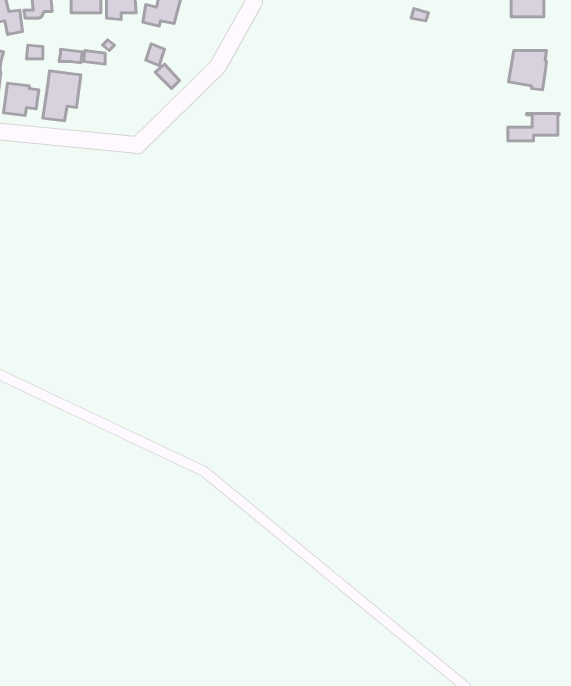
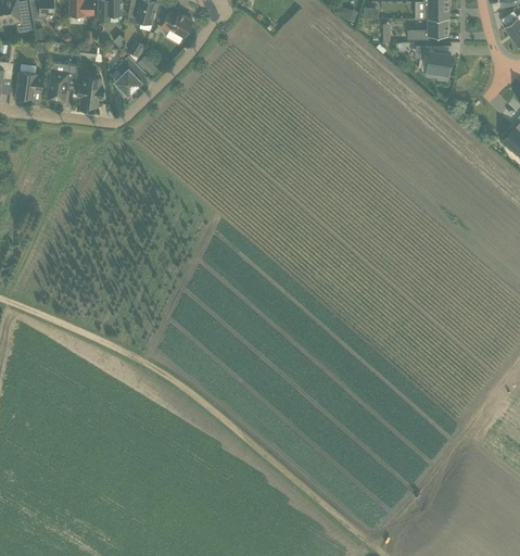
building: none -> [161,10,192,36]
building: none -> [115,58,145,94]
building: none -> [77,74,103,105]
building: [508,114,559,141] -> [407,17,448,39]

